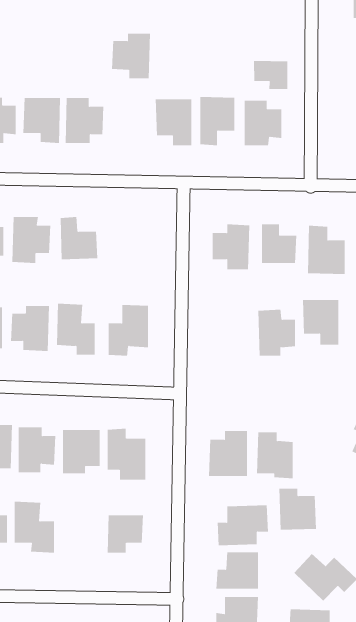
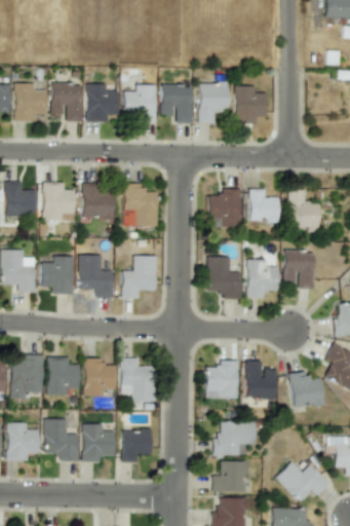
building: [111,33,151,79] -> [123,84,156,122]
building: [254,60,288,90] -> none
building: none -> [123,183,158,226]
building: none -> [207,256,240,299]
building: [278,488,317,530] -> [291,372,323,407]
building: none -> [82,423,114,461]

